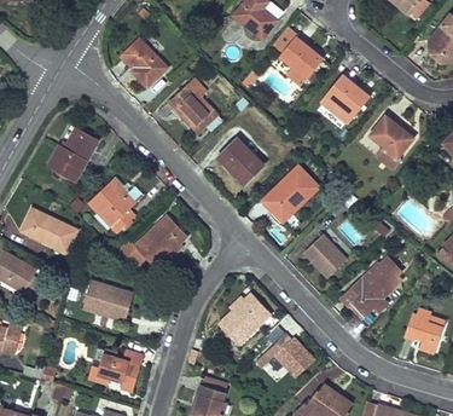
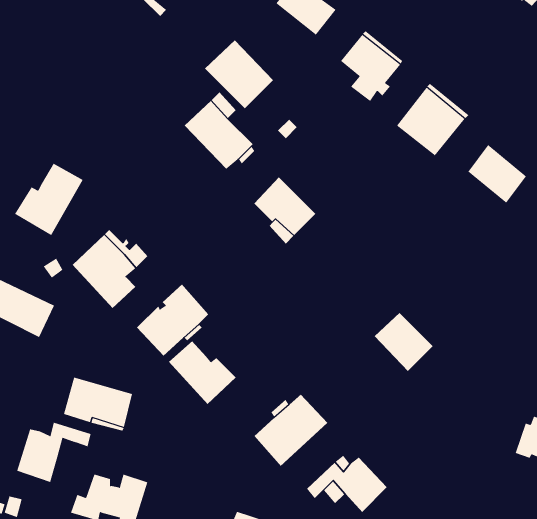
building: [117,37,167,87] -> [204,40,274,109]
building: [261,164,318,221] -> none
building: none -> [168,340,237,405]
building: [339,256,401,327] -> none
building: none -> [17,422,91,483]

